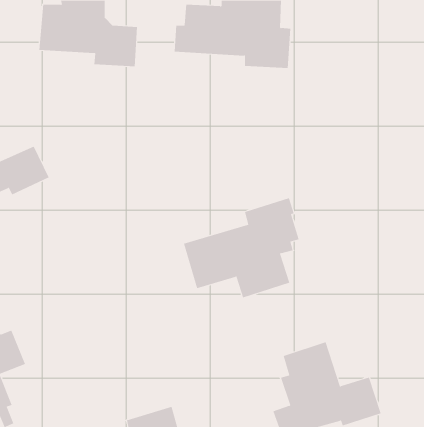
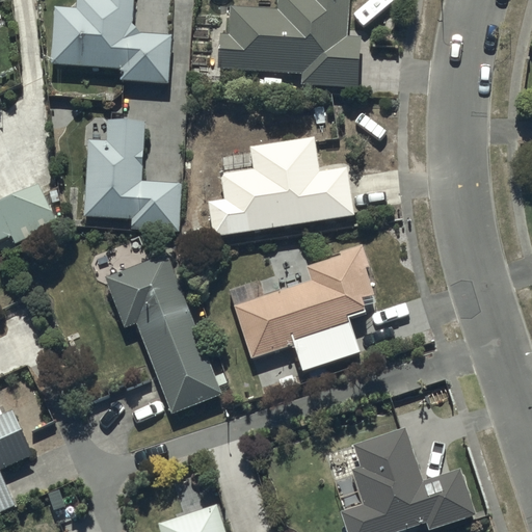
building: none -> [83,119,180,230]
building: none -> [207,136,352,236]
building: none -> [105,252,221,413]

